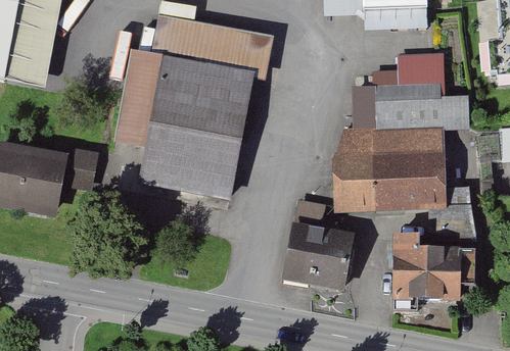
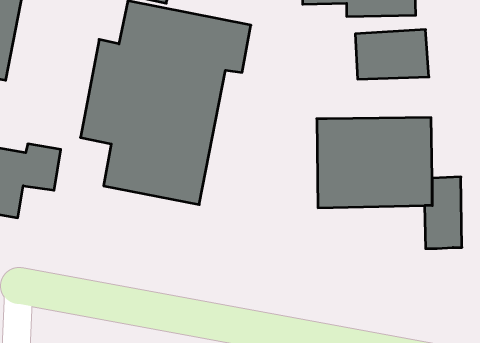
building: [344,86,469,124] -> none
building: [282,199,354,290] -> none
building: [391,231,464,302] -> none

